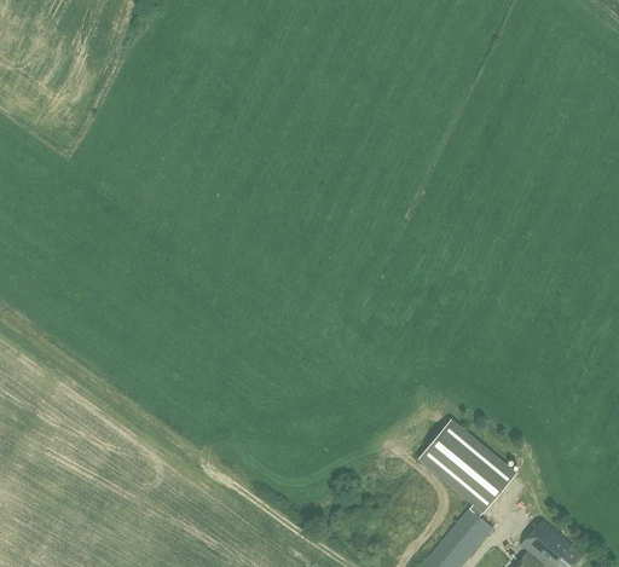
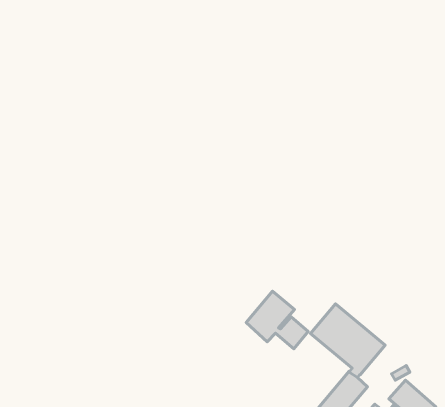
building: none -> [246,291,308,349]

